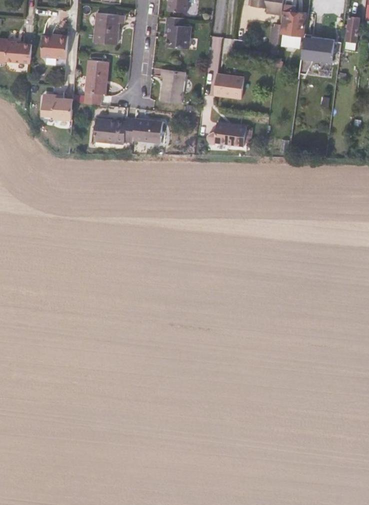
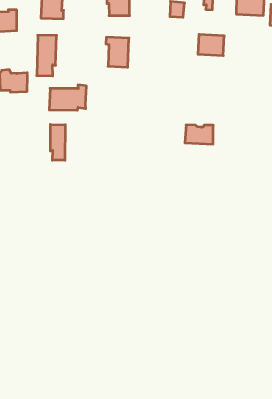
building: [213,71,243,96] -> [198,34,224,56]
building: [132,119,162,142] -> none
building: [214,122,246,145] -> [185,125,213,144]
building: none -> [50,124,65,160]

